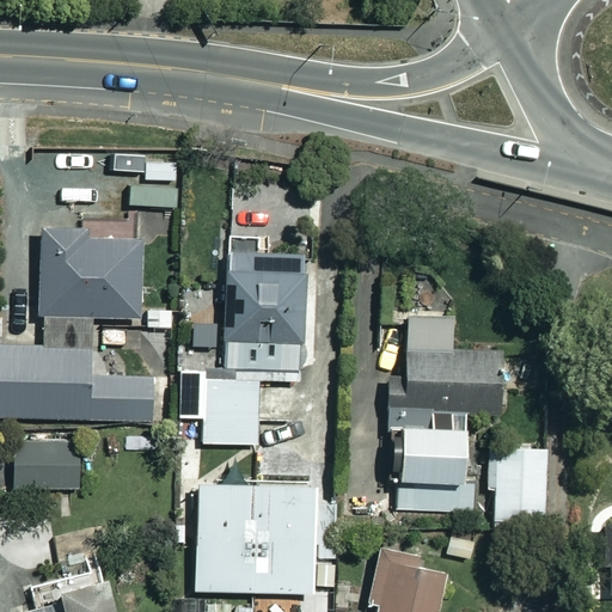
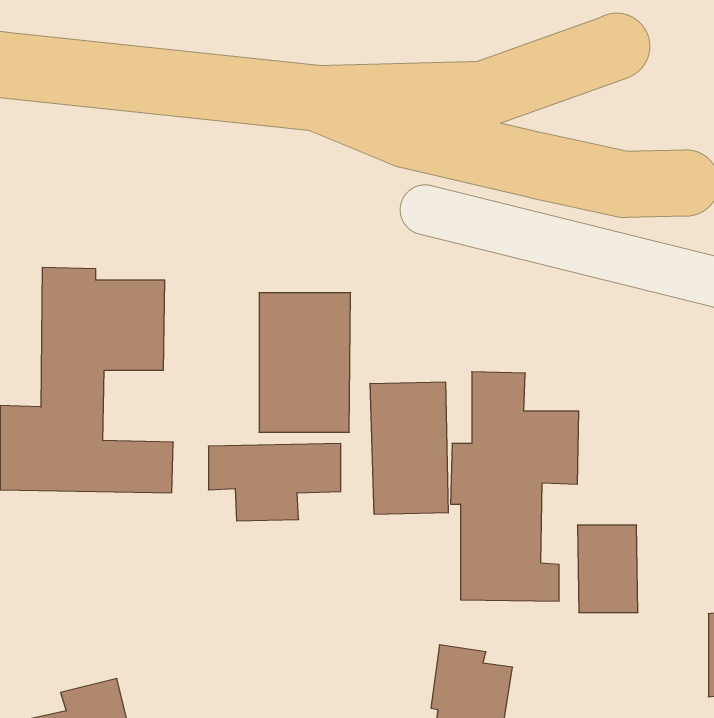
building: none -> [370,382,448,514]
building: [14,436,84,489] -> none
building: [196,485,316,592] -> none

